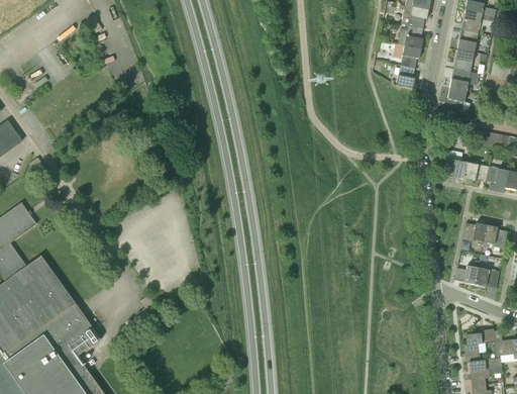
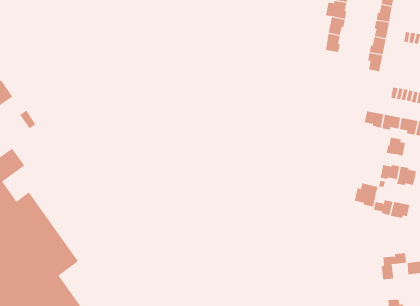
building: none -> [386,137,406,156]
building: none -> [354,182,378,208]
building: [466,358,501,385] -> none

